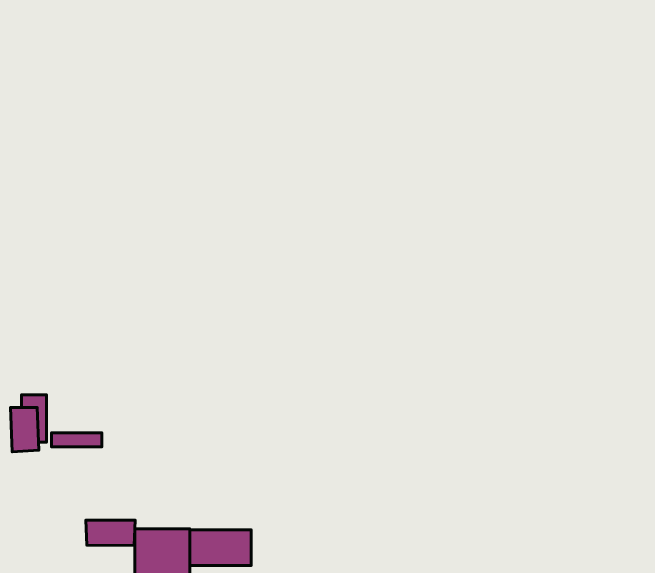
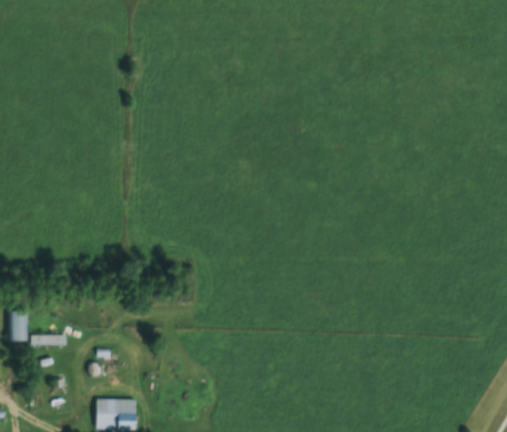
building: [86,520,135,545] -> none
building: [190,530,251,565] -> none

